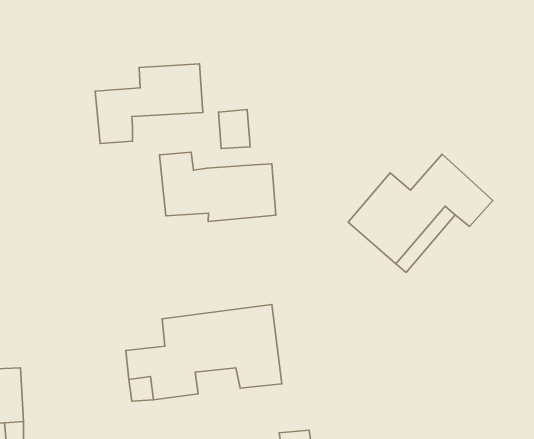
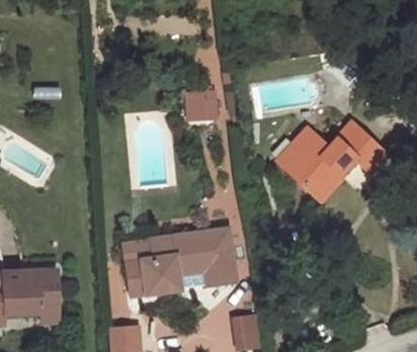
building: [95,64,203,144] -> none
building: [159,152,276,221] -> none

